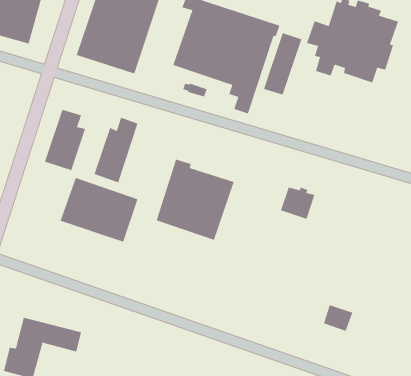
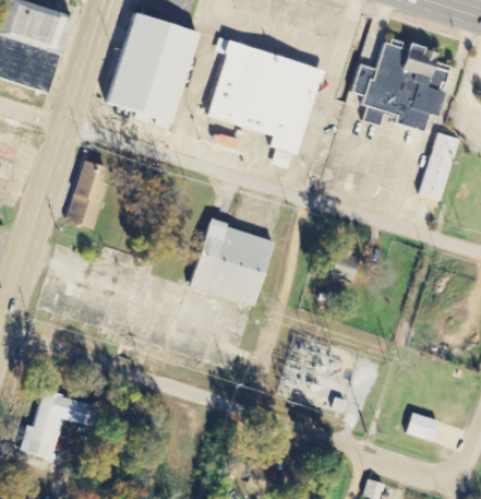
building: [263,32,302,95] -> [419,132,461,201]
building: [94,117,138,183] -> none
building: [60,177,138,243] -> none
building: [323,305,353,332] -> [406,411,438,440]

